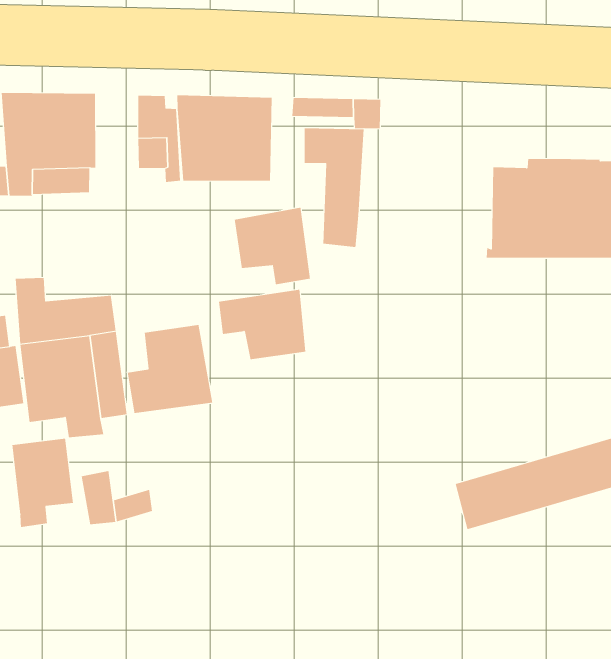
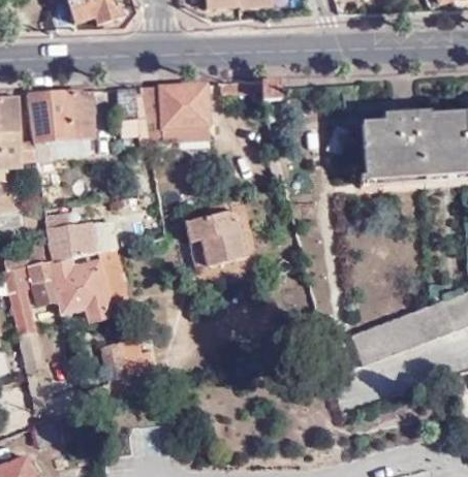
building: [304,128,364,248] -> none
building: [234,207,311,285] -> none
building: [127,324,213,414] -> none
building: [12,438,73,528] -> none

